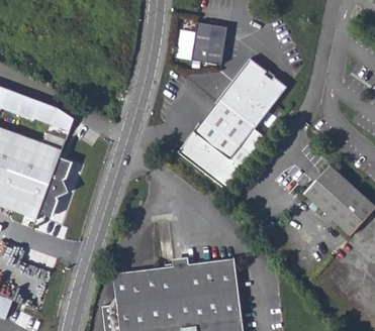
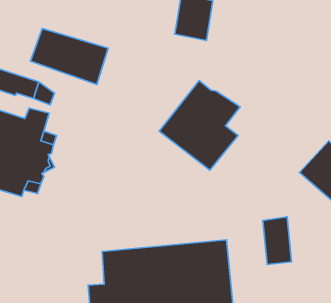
building: none -> [31,28,108,85]
building: [210,62,282,131] -> none
building: none -> [263,217,291,264]

